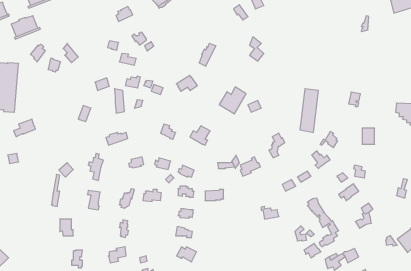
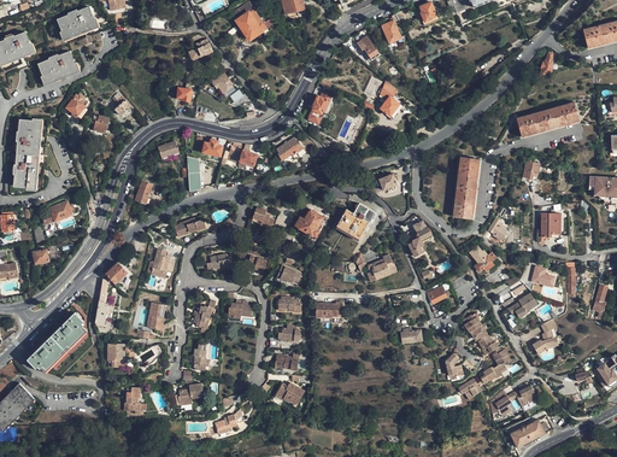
building: none -> [516,101,578,137]
building: [219,87,246,114] -> [335,203,374,241]
building: none -> [27,314,83,369]

